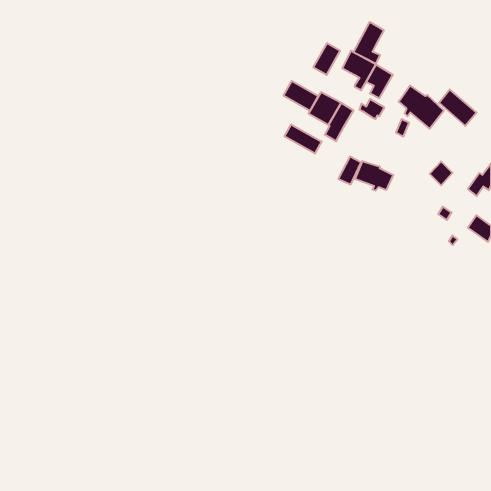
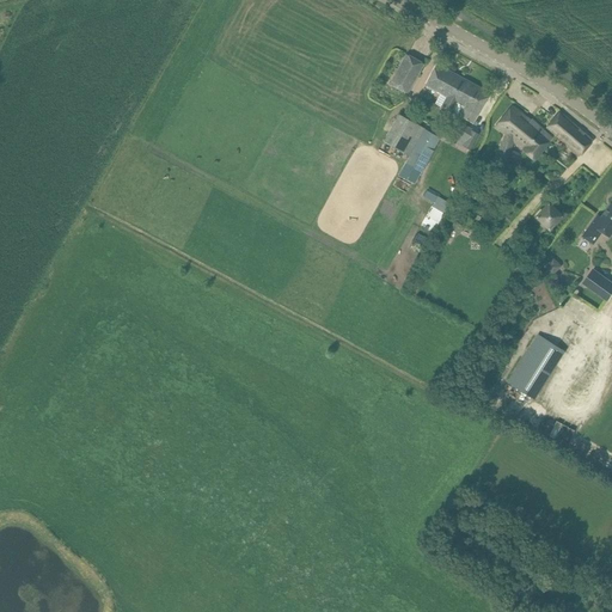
building: [353,22,384,64] -> none
building: [284,81,318,111] -> none
building: [285,124,322,154] -> none
building: [355,161,393,191] -> none
building: none -> [507,336,563,398]

